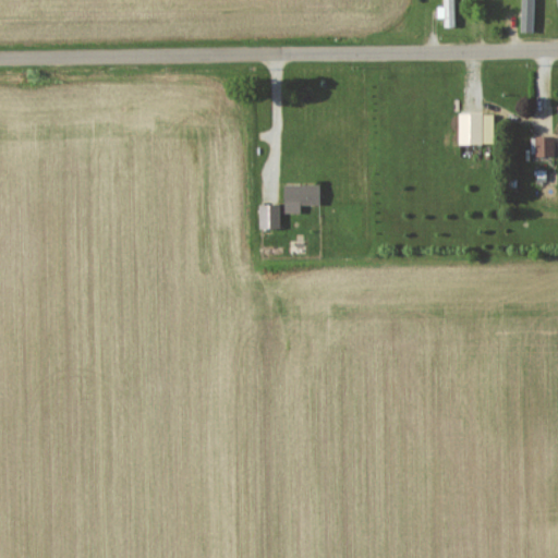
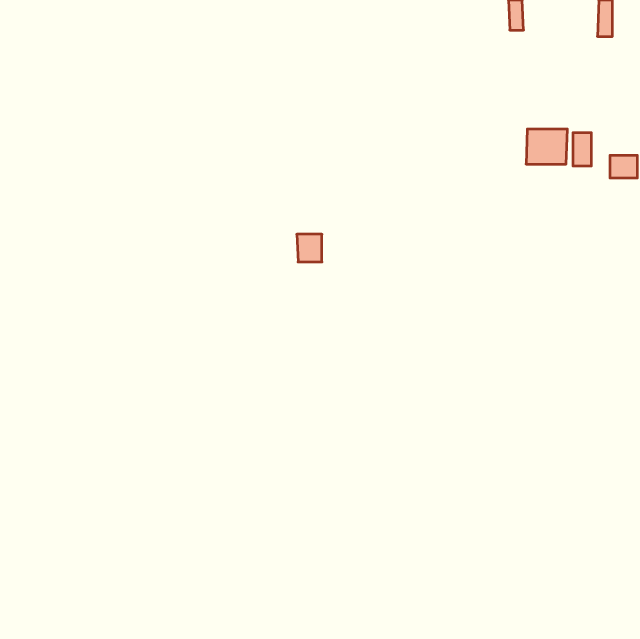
building: none -> [573,133,591,166]
building: [283,184,320,214] -> none

